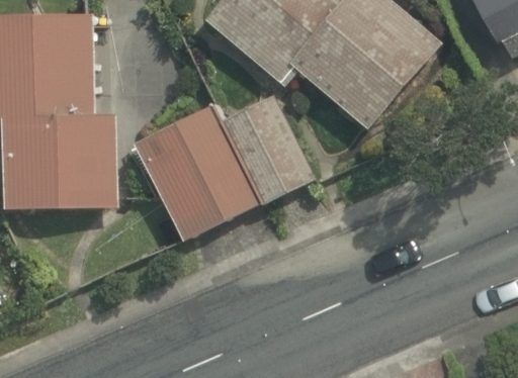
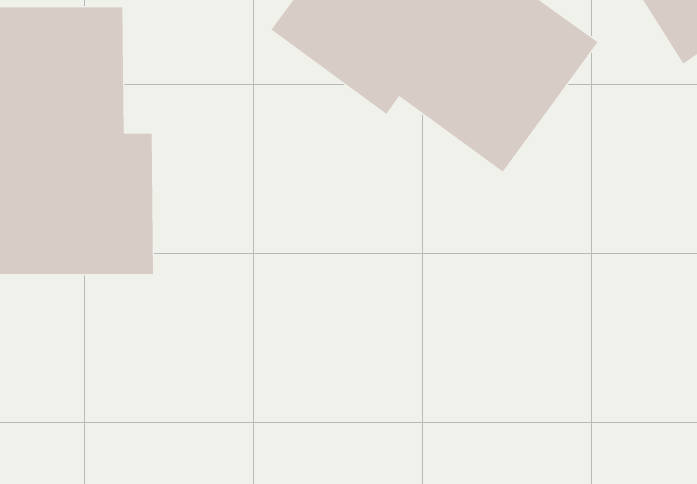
building: [134,99,310,238] -> none

